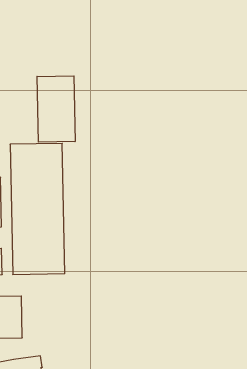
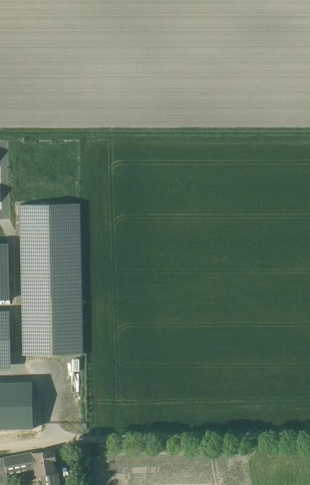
building: [37,76,75,142] -> none

